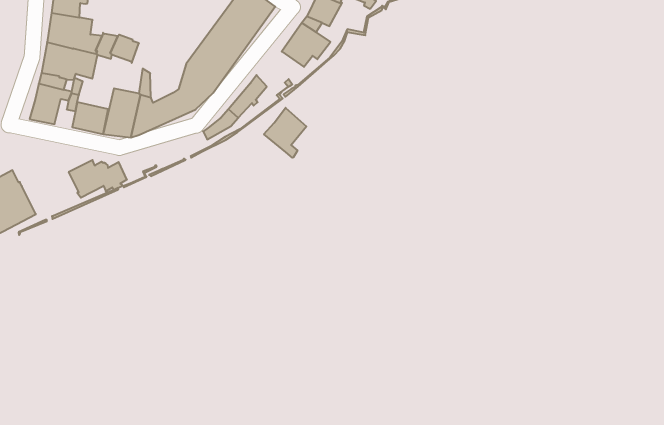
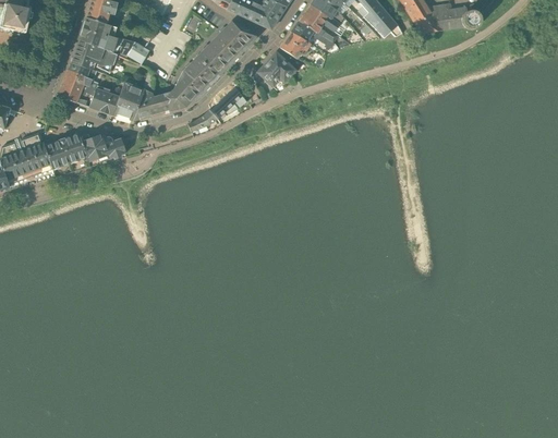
building: [264,108,306,158] -> none
building: none -> [44,134,86,169]

